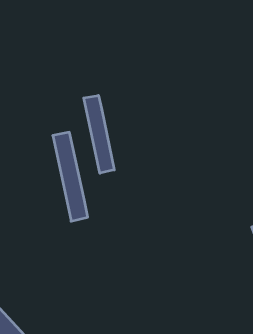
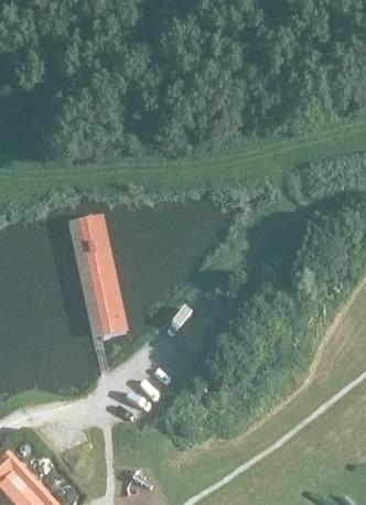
building: [84,95,114,173] -> none

